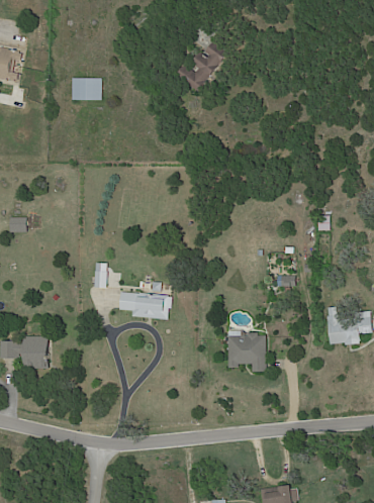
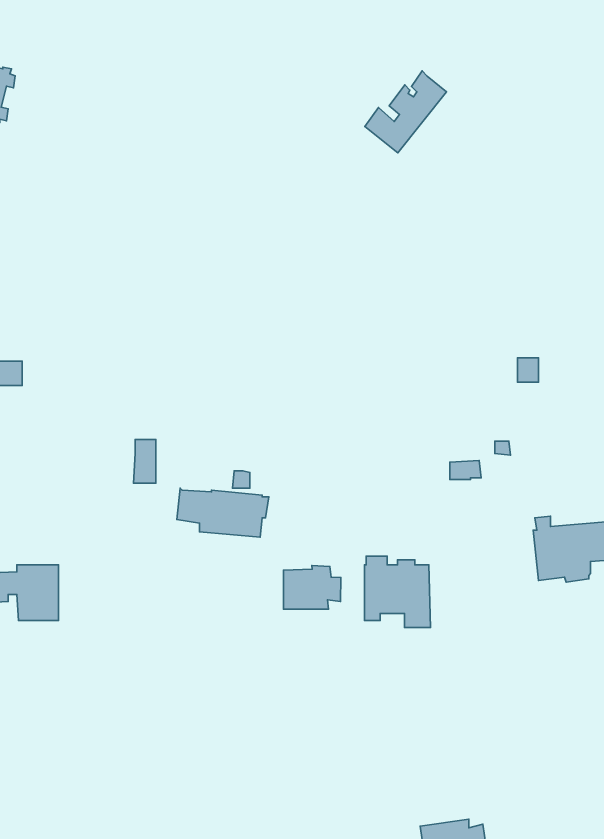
building: [178,42,225,90] -> [365,71,446,153]
building: [71,78,101,100] -> none
building: none -> [283,566,341,609]

